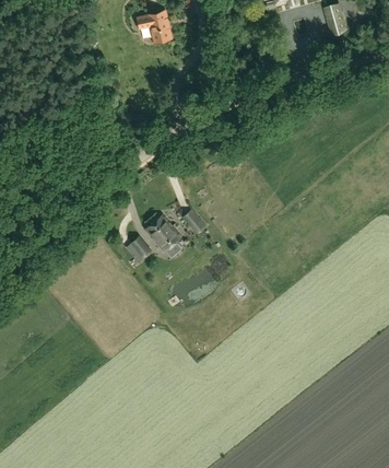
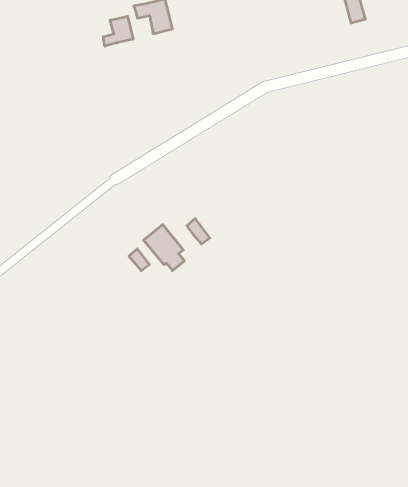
building: none -> [103,16,133,46]

